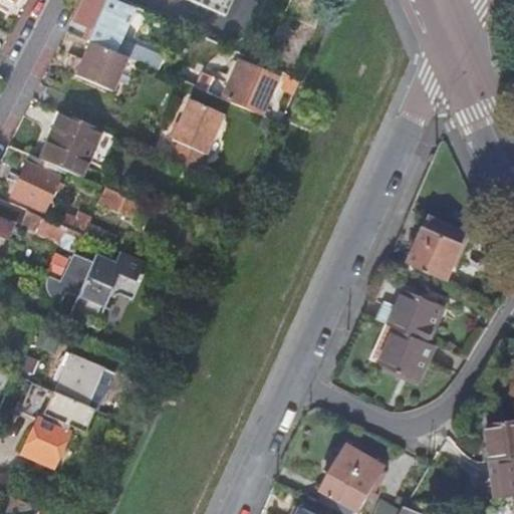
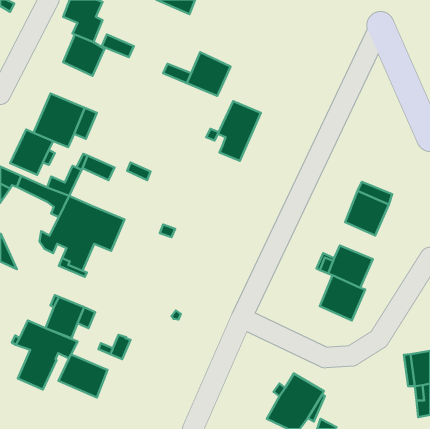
building: [171,98,222,170] -> [218,101,261,161]
building: none -> [59,354,108,398]

